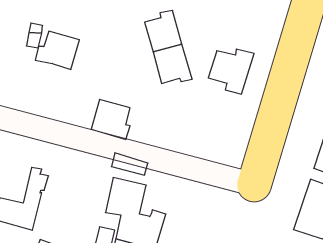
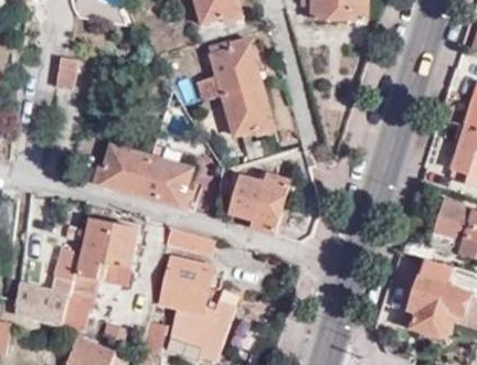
building: [35,31,79,69] -> [94,144,151,194]
building: [208,49,254,94] -> [230,173,289,232]
building: none -> [64,219,142,329]

